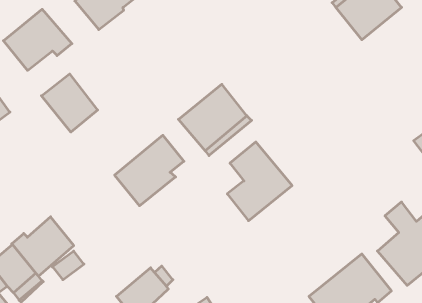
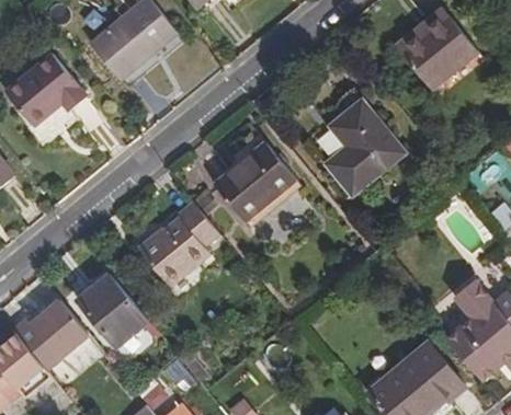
building: [41,74,98,132] -> none
building: [227,142,292,221] -> [326,101,402,194]
building: none -> [77,273,147,345]

